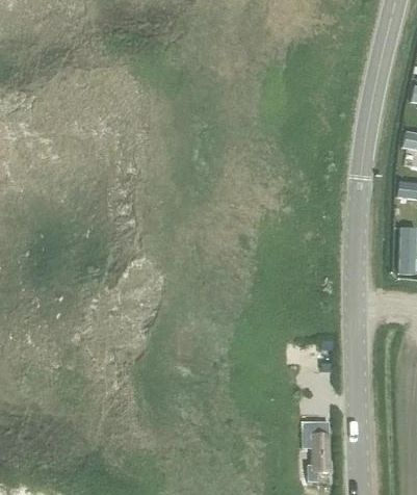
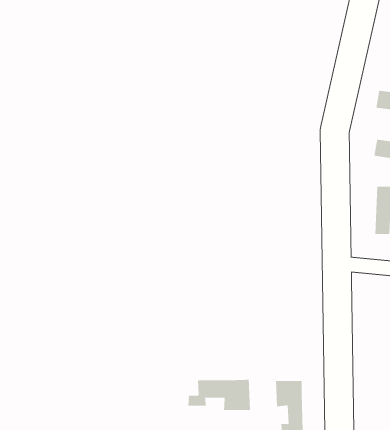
building: none -> [188,379,250,411]

